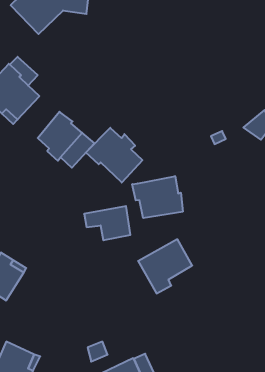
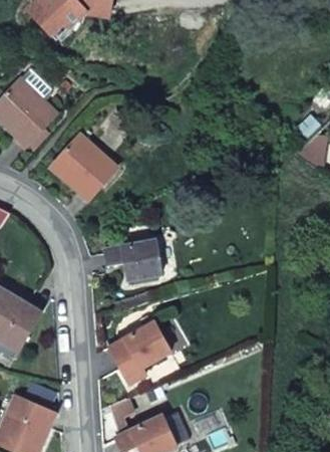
building: [86,128,142,183] -> none
building: [132,176,183,218] -> none
building: [138,239,192,293] -> [108,321,171,384]

